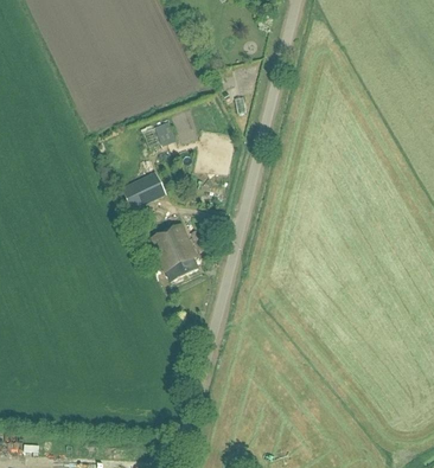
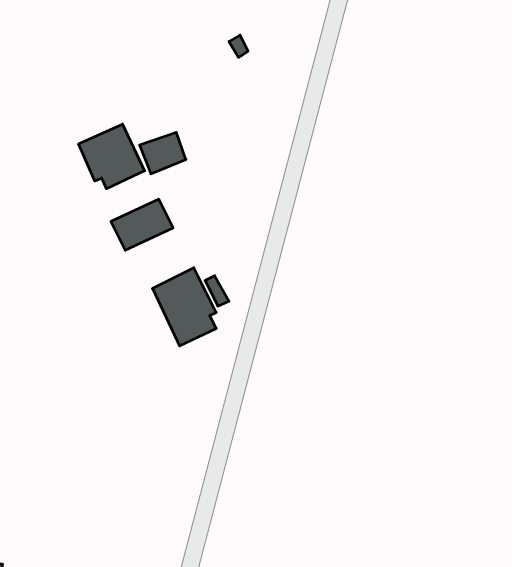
building: none -> [79,124,145,189]

